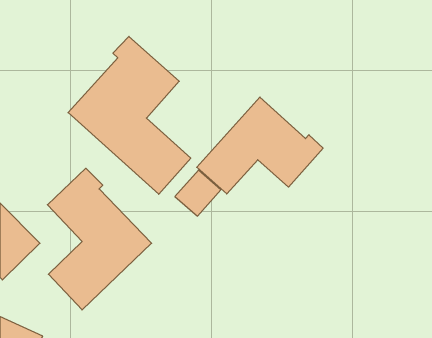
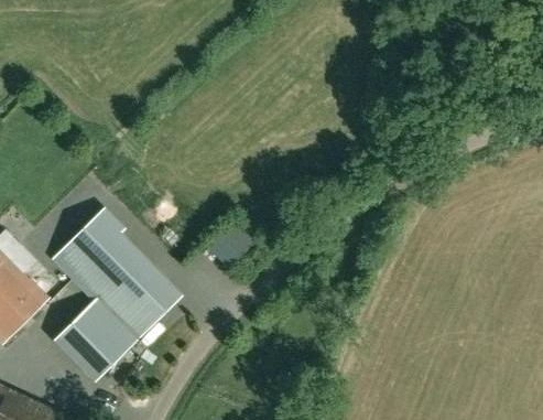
building: [68,36,191,194] -> none
building: [197,97,323,194] -> none

